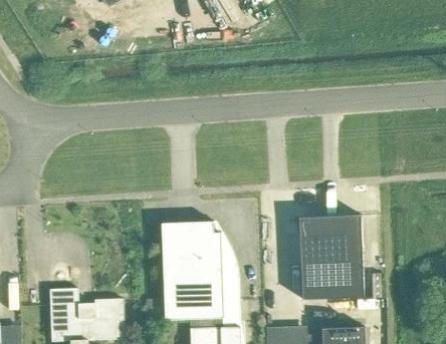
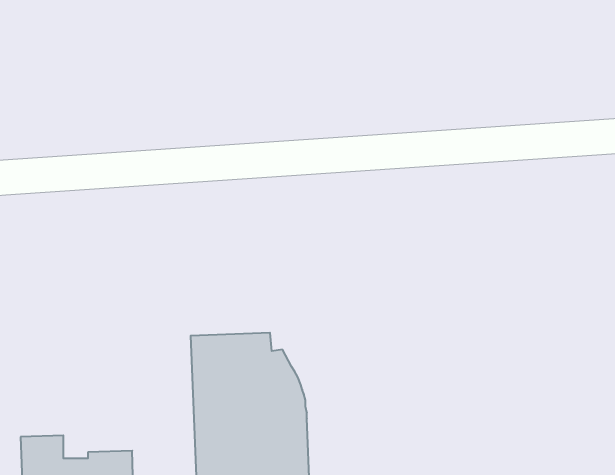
building: [299,215,364,300] -> none

